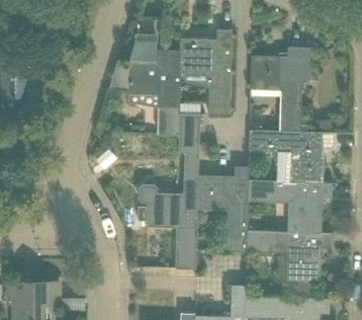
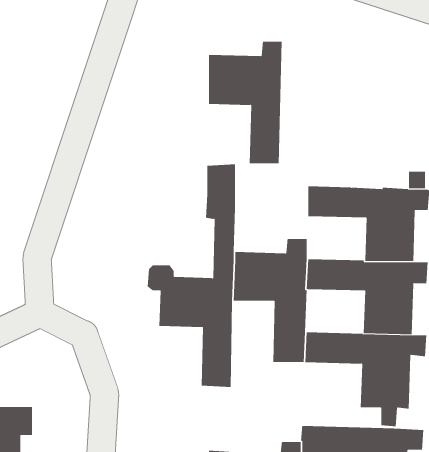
building: [128,36,180,136] -> none
building: [250,47,309,132] -> none

